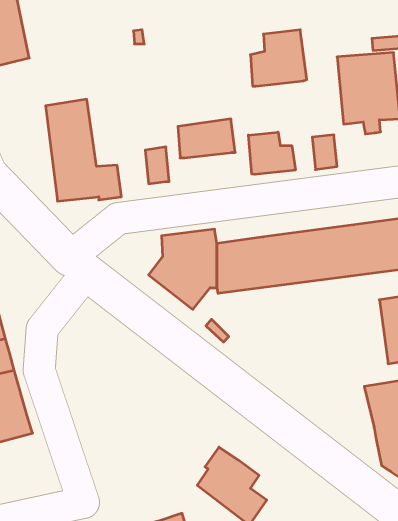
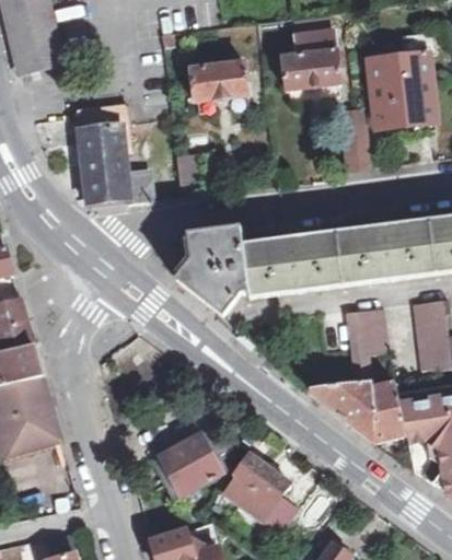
building: [178,119,235,158] -> [190,59,248,98]
building: [248,132,295,174] -> none
building: none -> [350,307,385,355]
building: none -> [310,380,405,442]
building: none -> [160,422,233,493]

